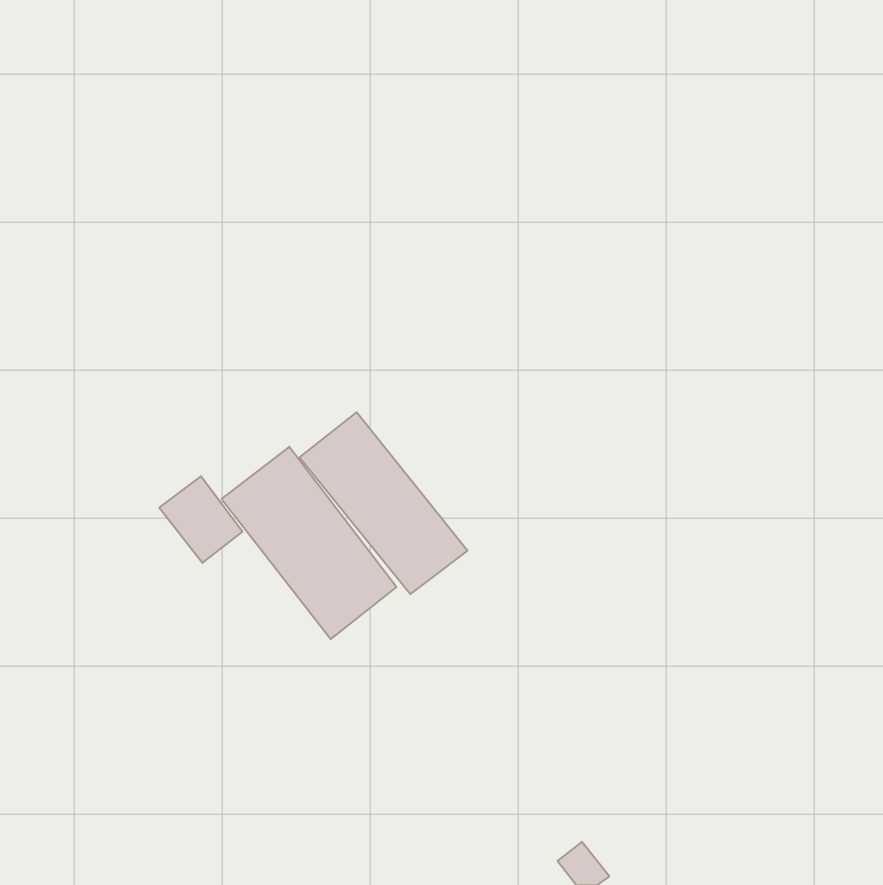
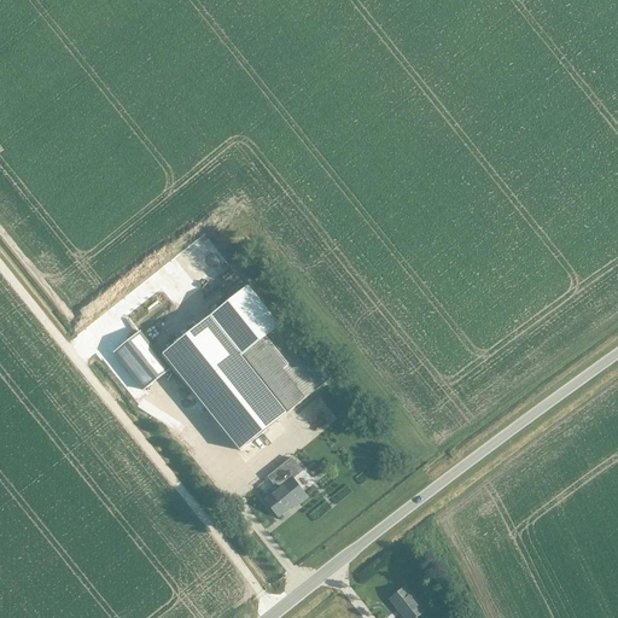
building: none -> [266,459,308,517]

